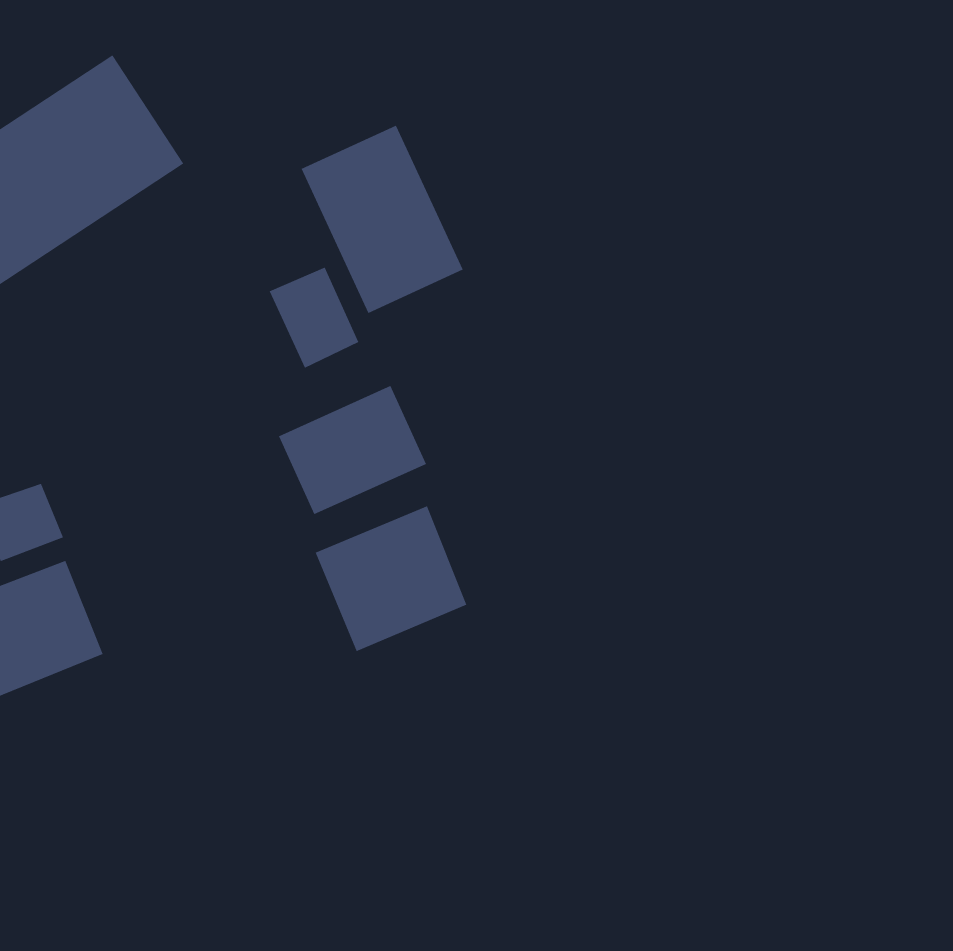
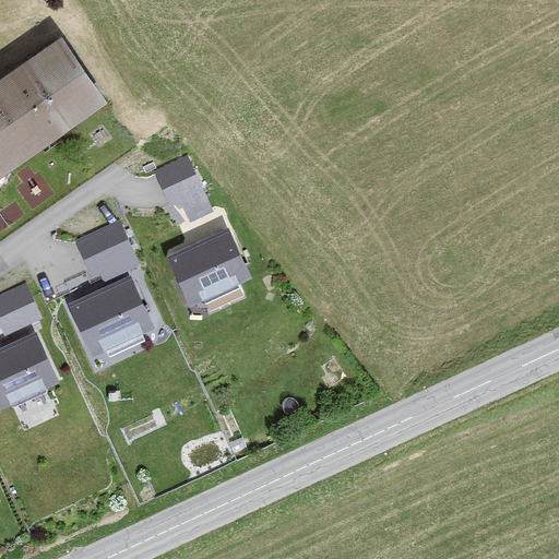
building: [301,125,463,314] -> none
building: none -> [75,224,136,278]
building: [315,505,467,652] -> [69,275,157,360]

